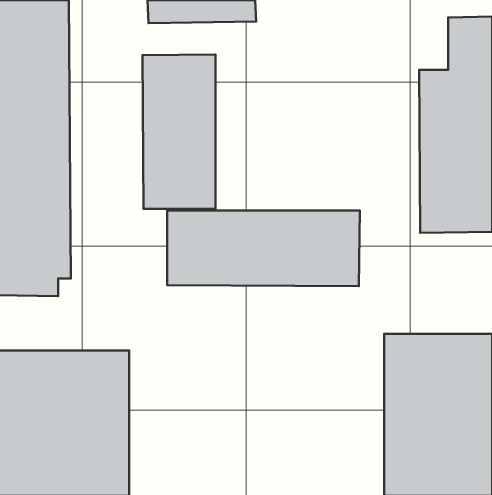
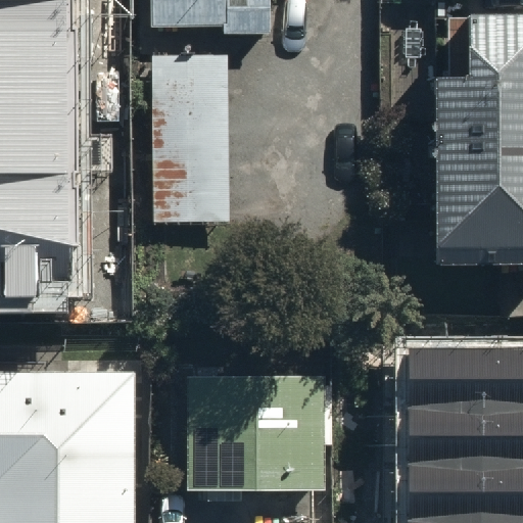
building: [167,211,360,286] -> none
building: none -> [188,379,329,484]

